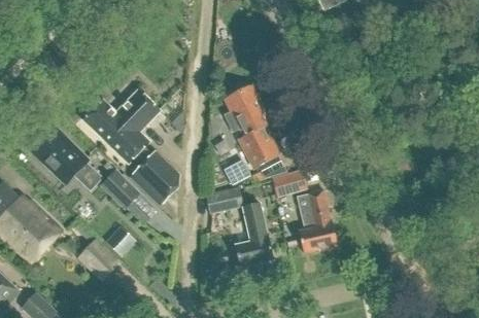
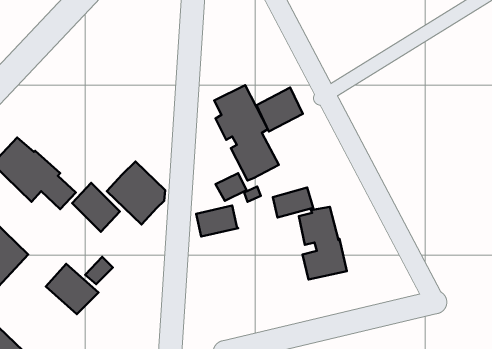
building: none -> [256,88,303,131]
building: [83,90,160,163] -> none
building: [235,203,273,266] -> none

